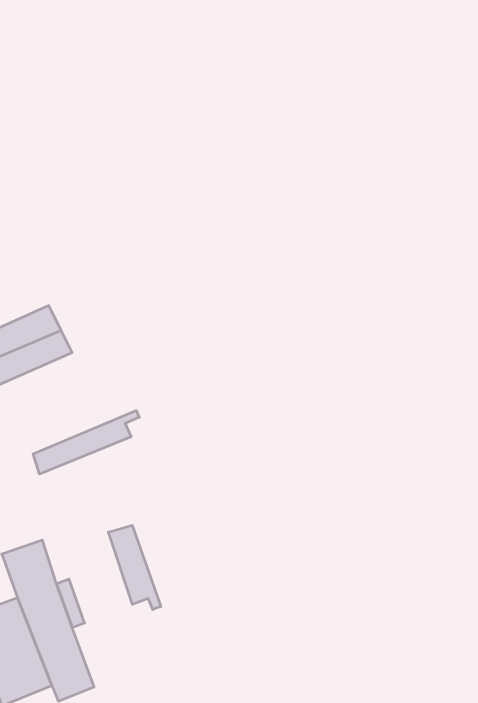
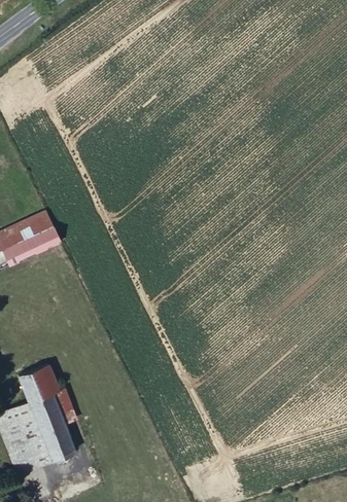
building: [33,411,139,474] -> none
building: [108,525,161,610] -> none

